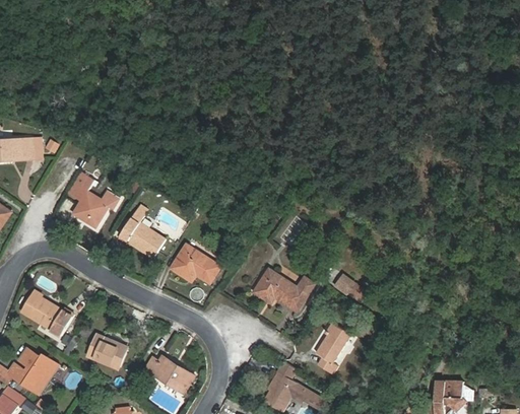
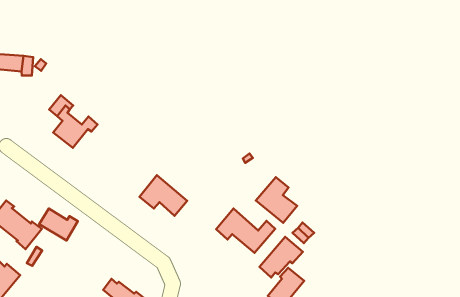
building: [119,205,166,258] -> none
building: none -> [256,177,297,223]
building: none -> [259,237,303,278]
building: [87,338,127,368] -> [39,209,78,240]

